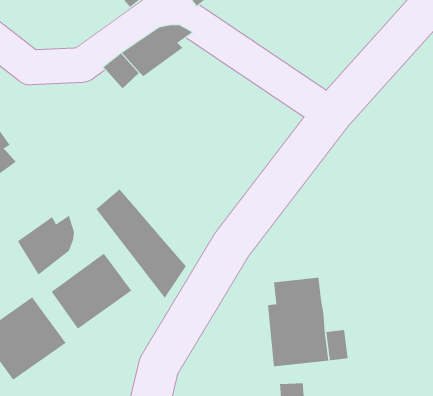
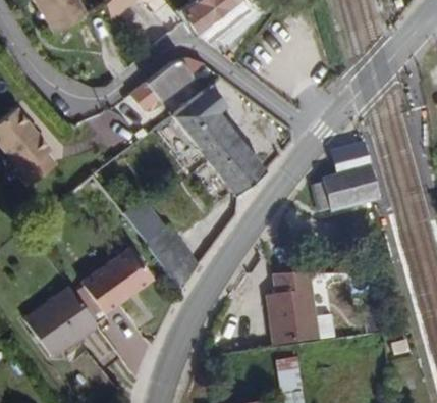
building: none -> [171,84,267,191]
building: none -> [319,141,377,214]
building: [17,215,75,276] -> none

